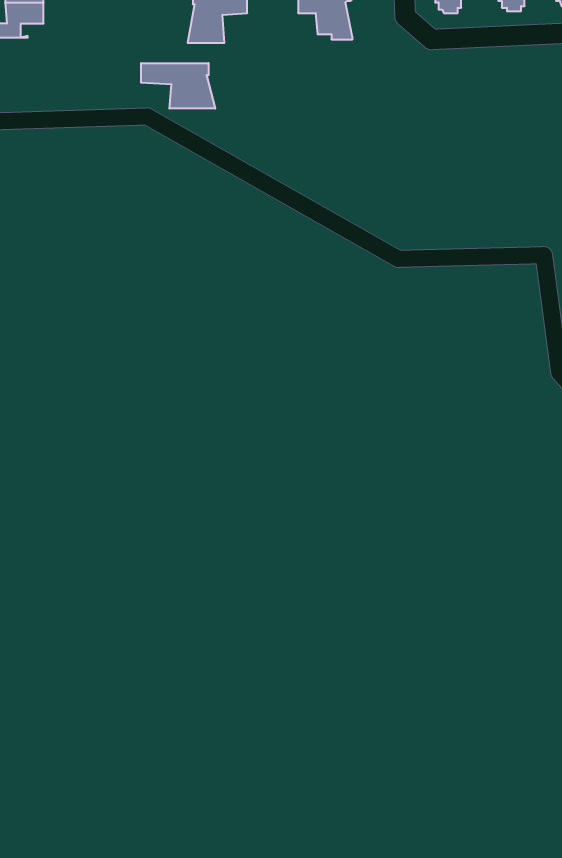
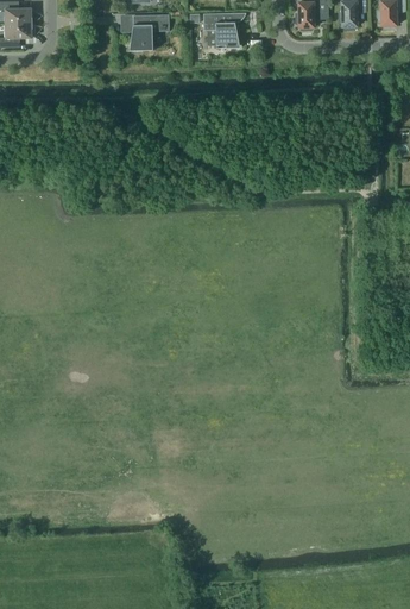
building: [141,63,215,109] -> none

